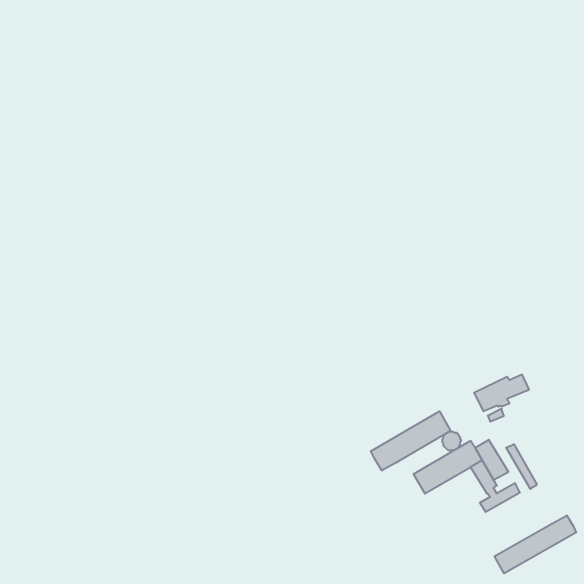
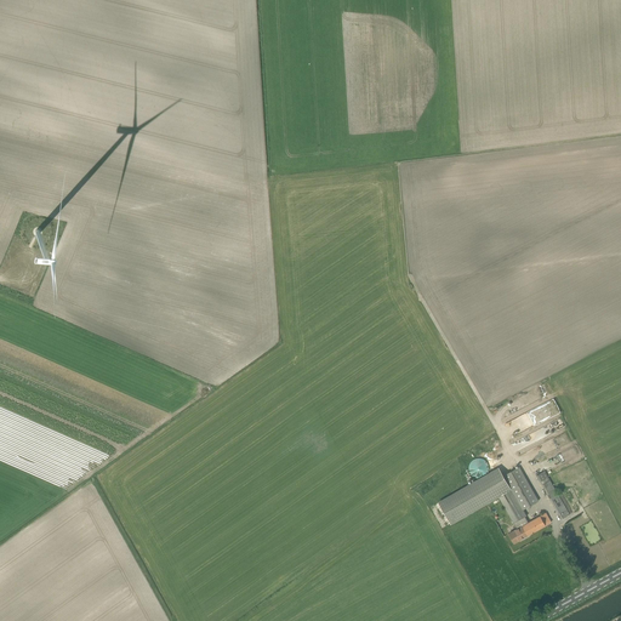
building: [371,411,451,471] -> none
building: [495,515,576,573] -> none

